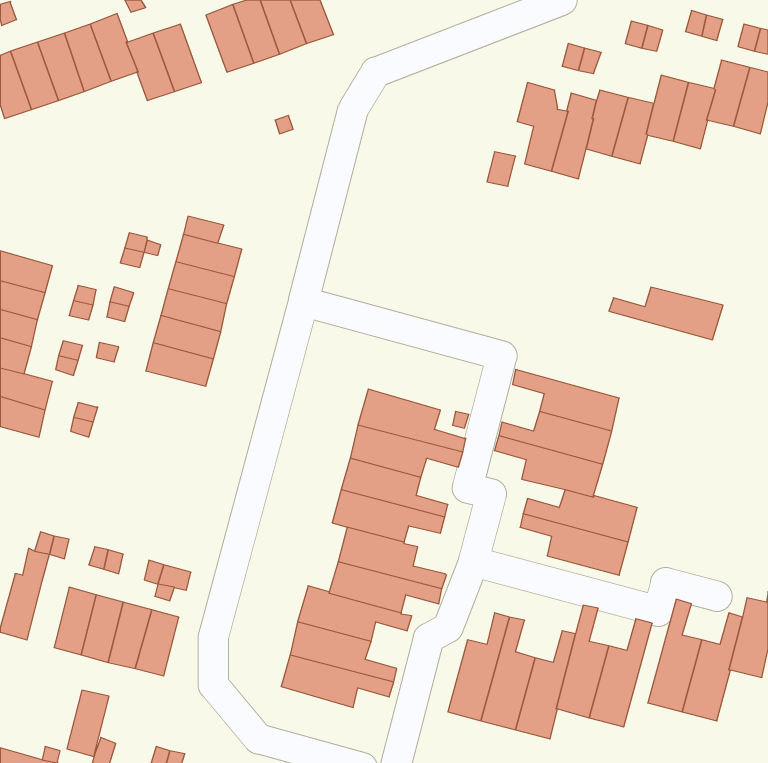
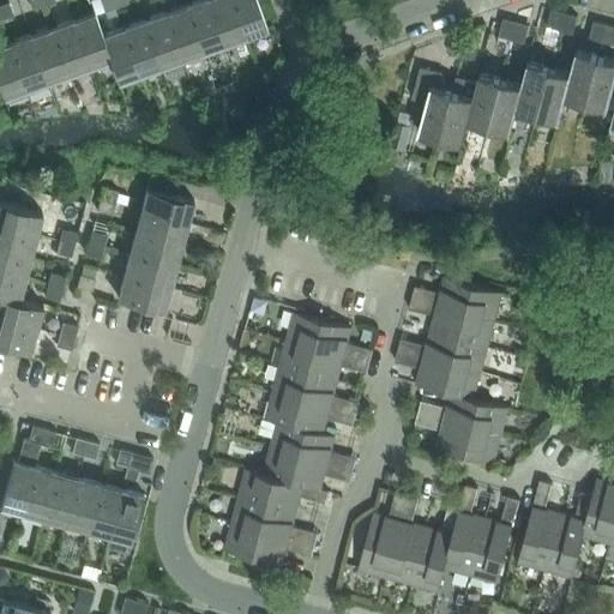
building: none -> [144,16,181,70]
building: [609,287,723,340] -> [411,279,502,321]
building: [67,690,109,756] -> [22,468,55,520]

